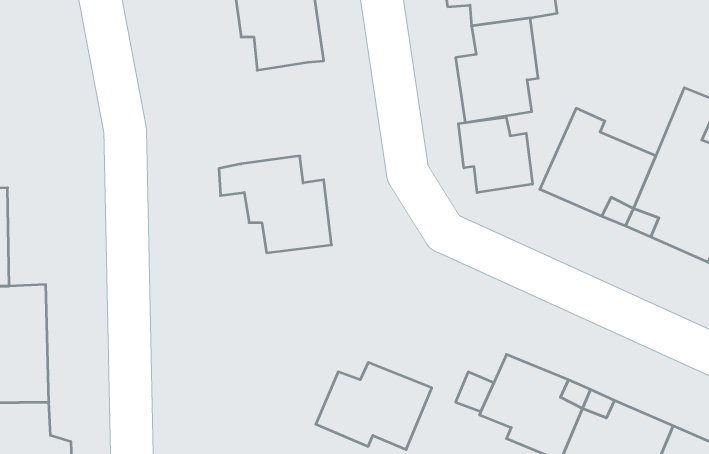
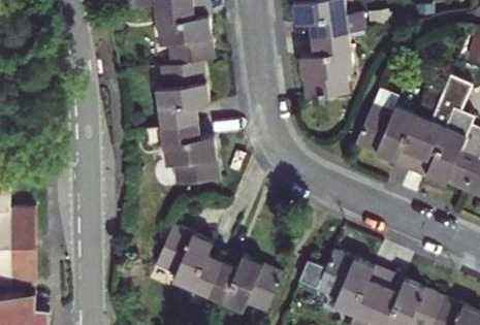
building: none -> [155,61,209,127]
building: [458,117,532,193] -> none
building: none -> [155,226,223,296]

